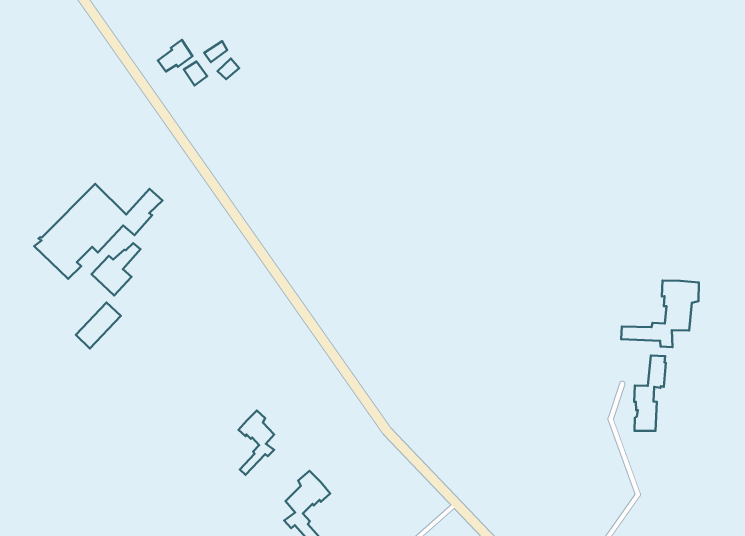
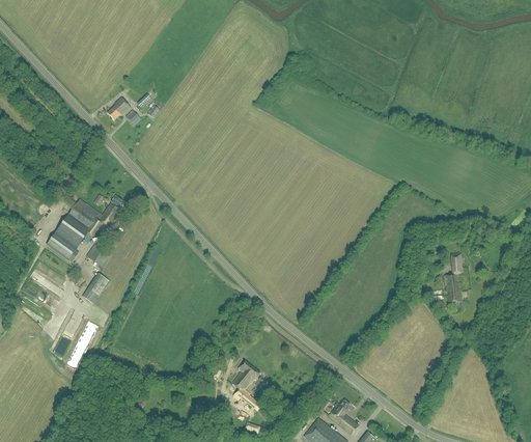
building: [621,281,699,347] -> none
building: [238,411,274,475] -> none

